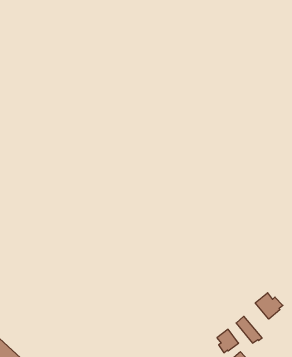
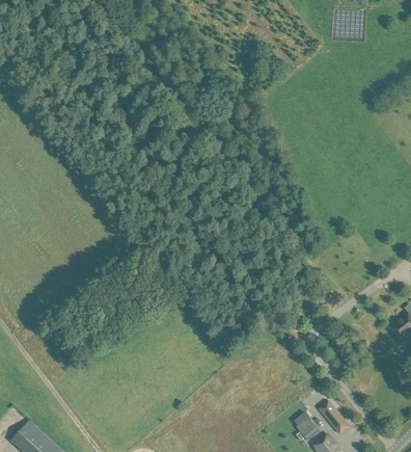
building: [255,293,283,319] -> none

